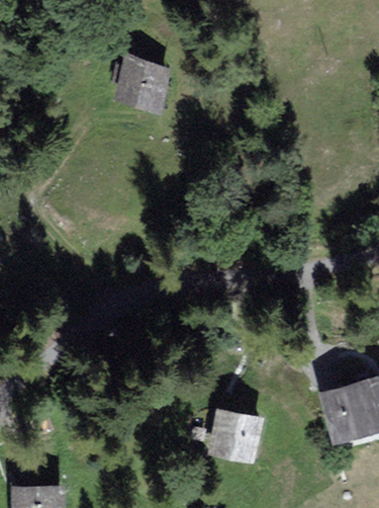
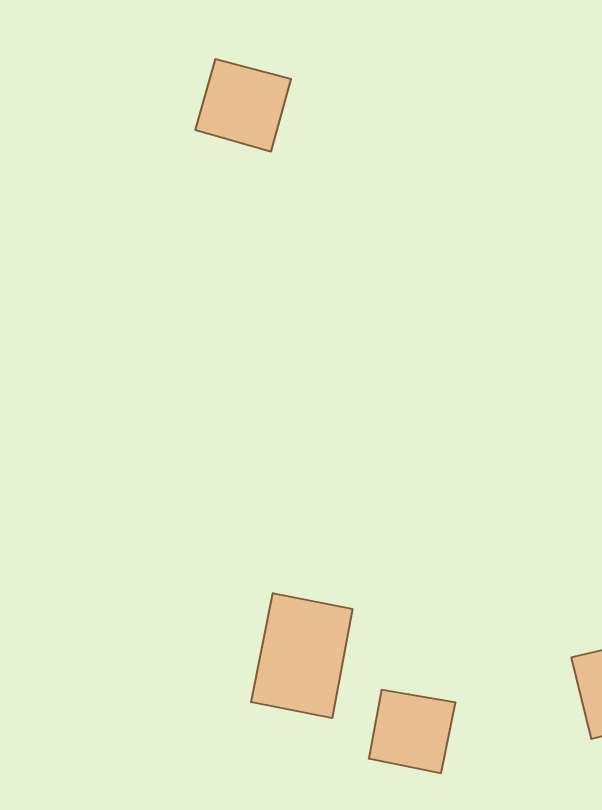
building: none -> [251,593,352,718]

